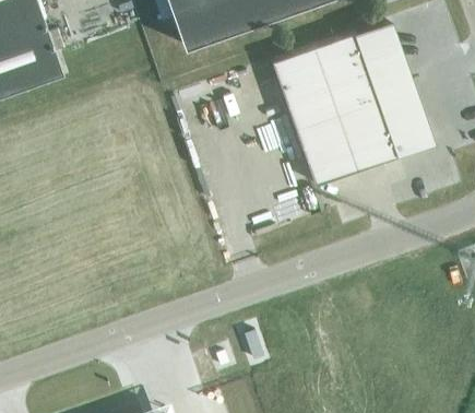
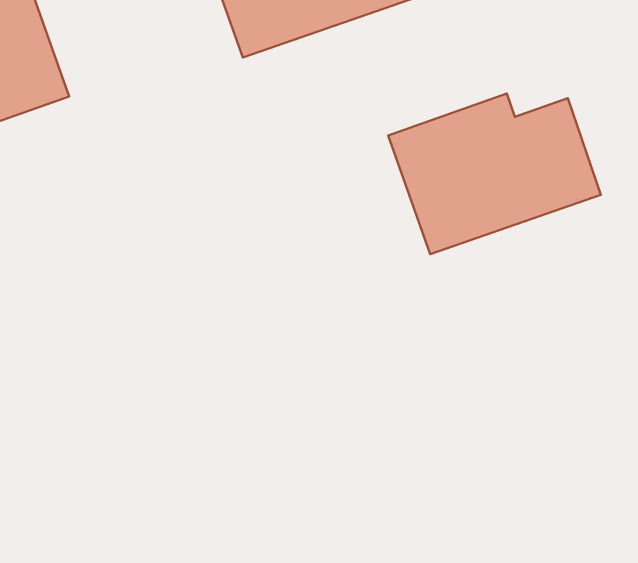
building: [272,17,412,101] -> none

